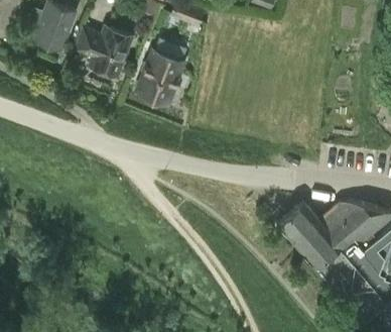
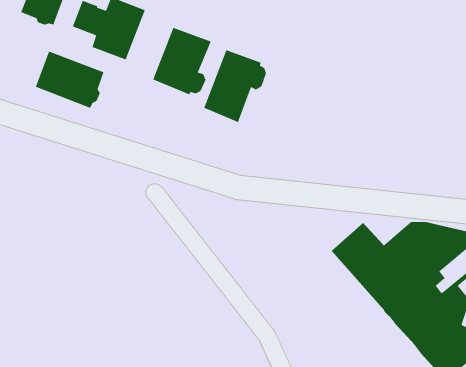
building: none -> [203,49,267,123]
building: none -> [35,50,104,109]

